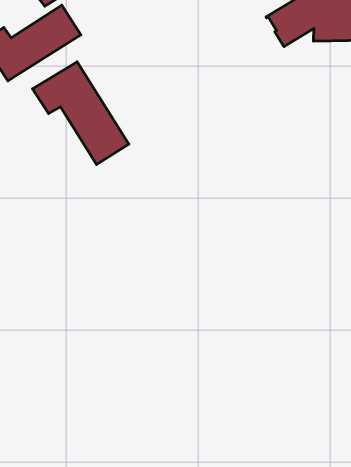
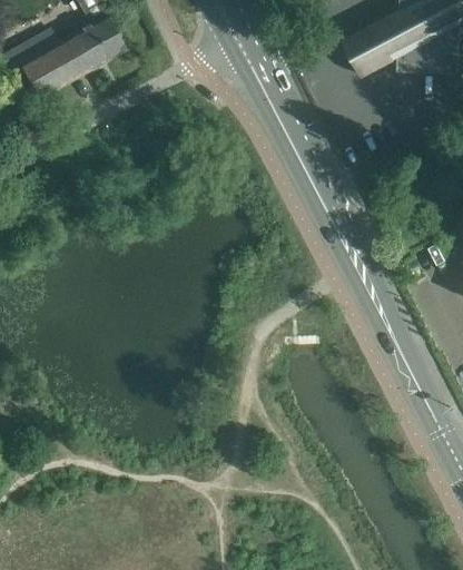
building: [33,62,129,165] -> none

